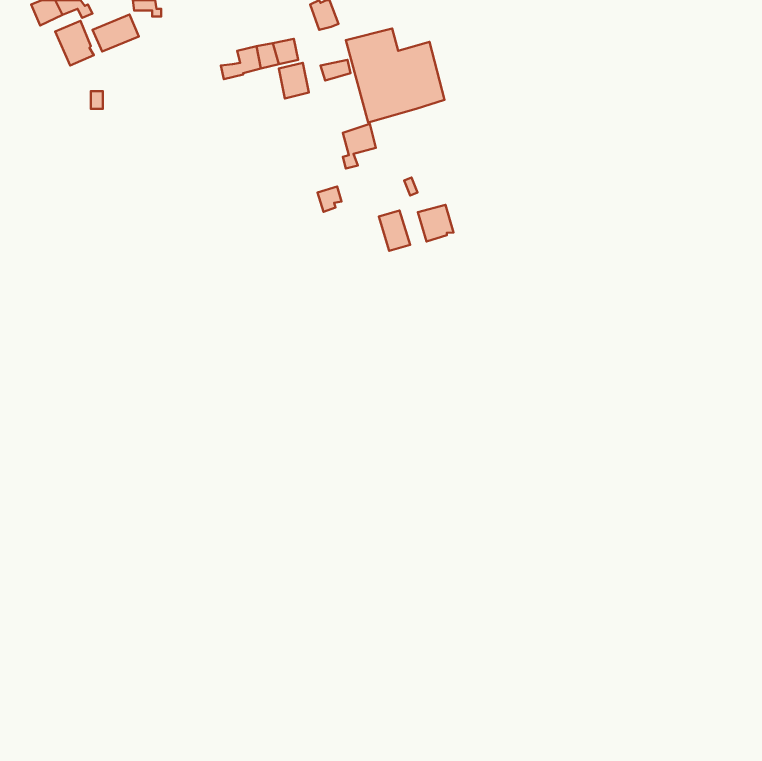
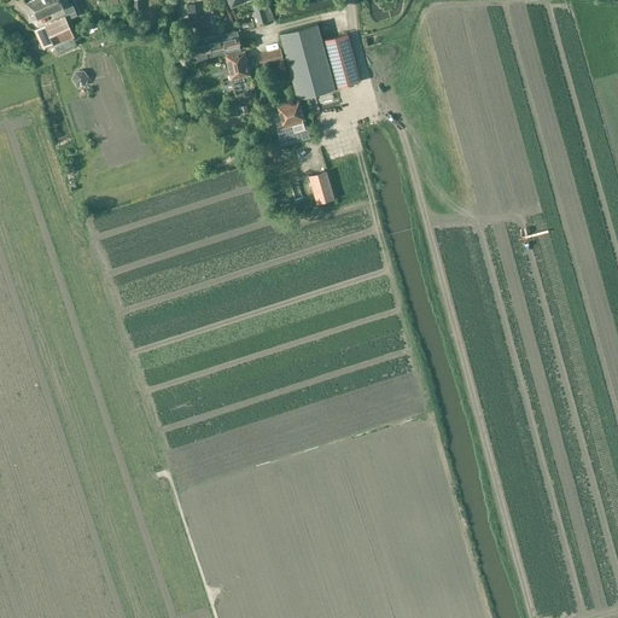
building: [93,15,139,52] -> none
building: [418,205,453,241] -> none

